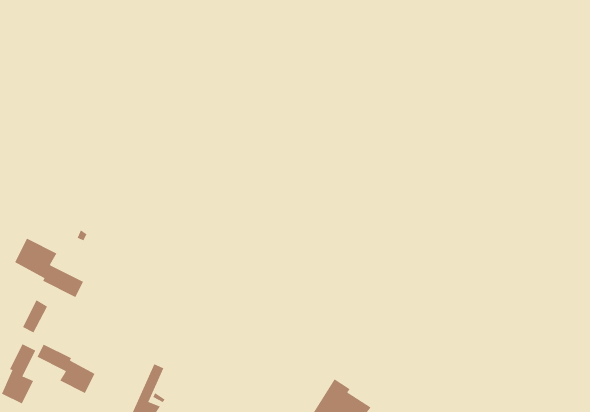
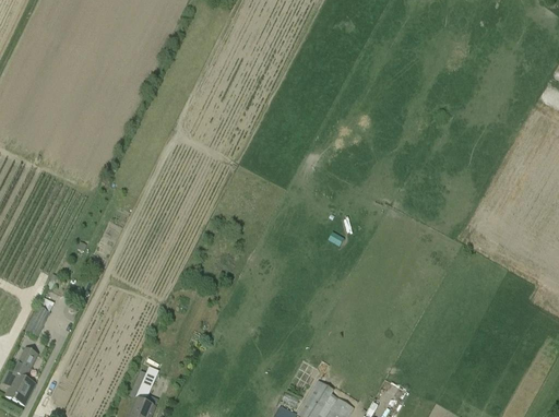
building: [15,238,84,298] -> none
building: [37,344,95,394] -> none

